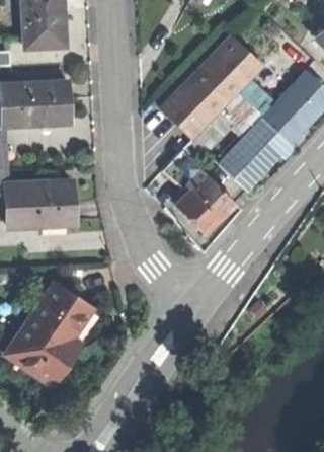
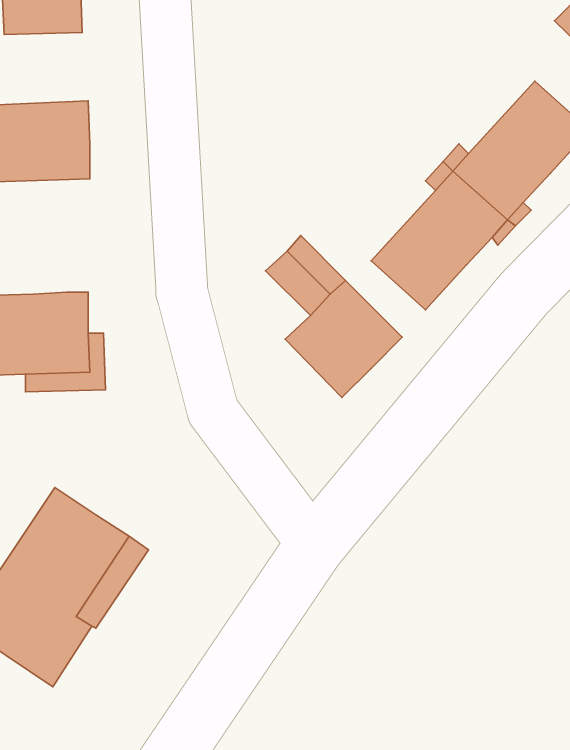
building: [162,36,261,138] -> none

